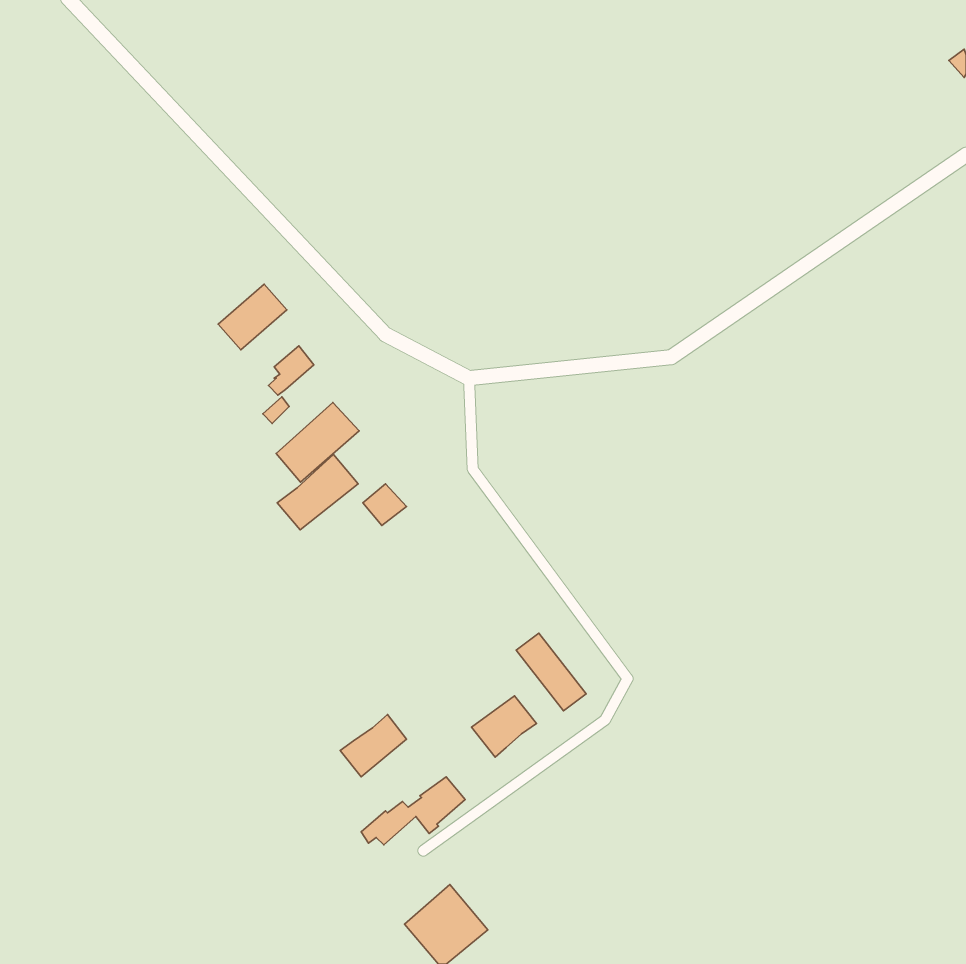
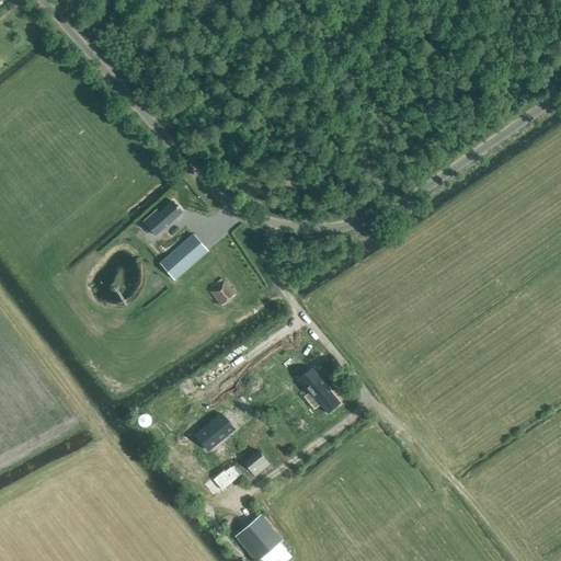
building: [218,284,287,350] -> none
building: [277,455,358,530] -> none
building: [471,696,537,757] -> none

